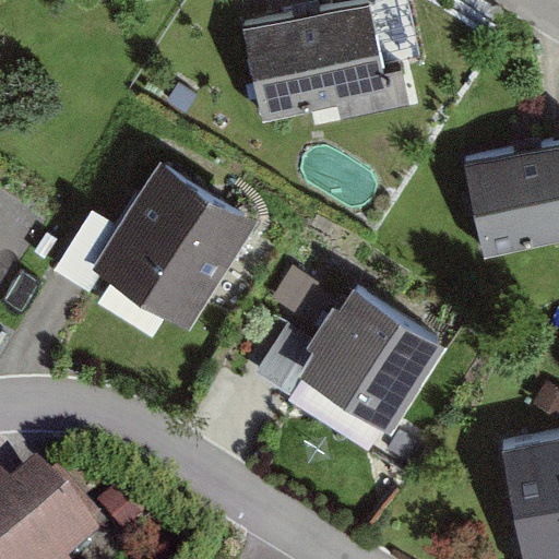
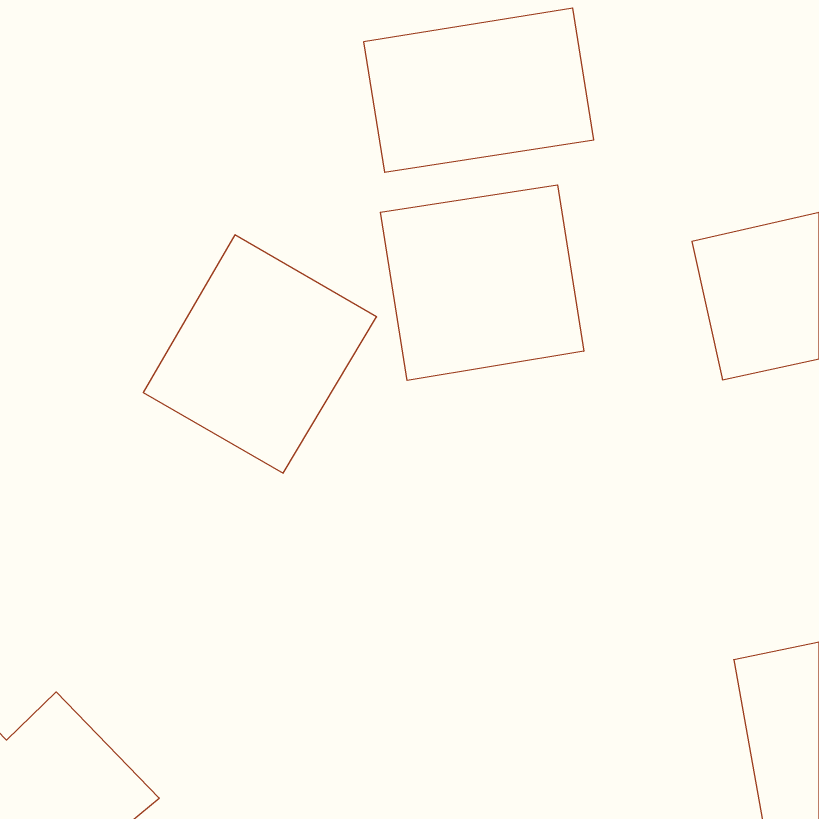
building: none -> [380,185,584,380]
building: [301,287,439,426] -> none

